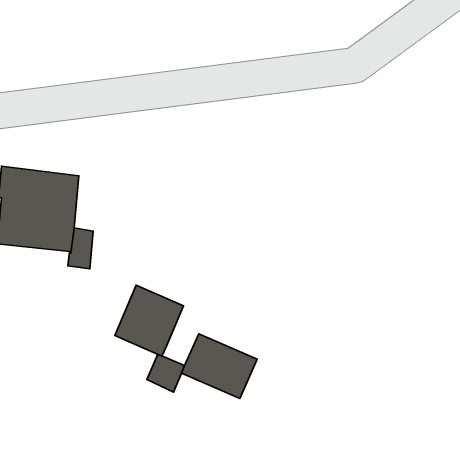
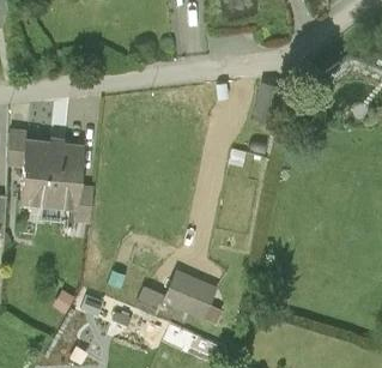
building: [115,285,184,356] -> none

